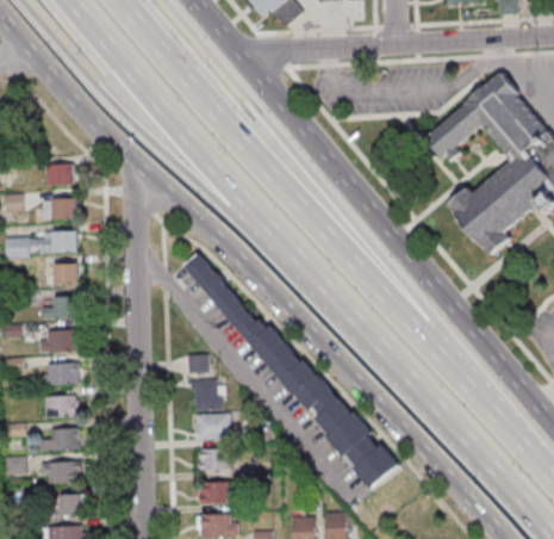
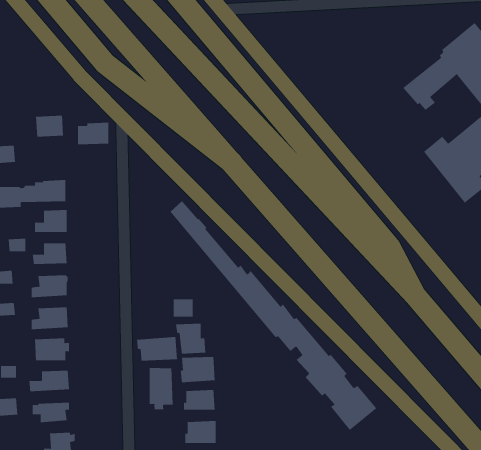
building: [42,197,75,221] -> [77,122,109,145]
building: none -> [137,336,177,362]
building: none -> [149,367,173,410]

